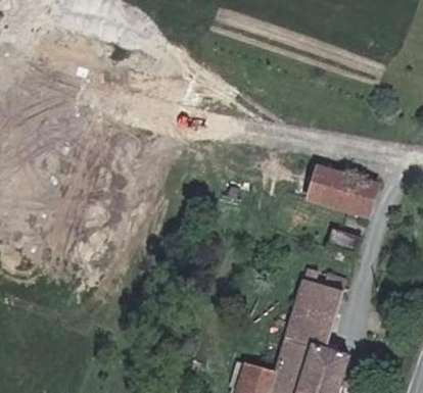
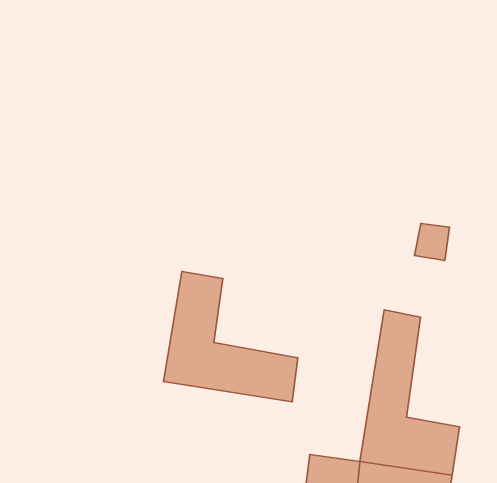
building: [303,154,367,201] -> none
building: none -> [164,272,298,402]

